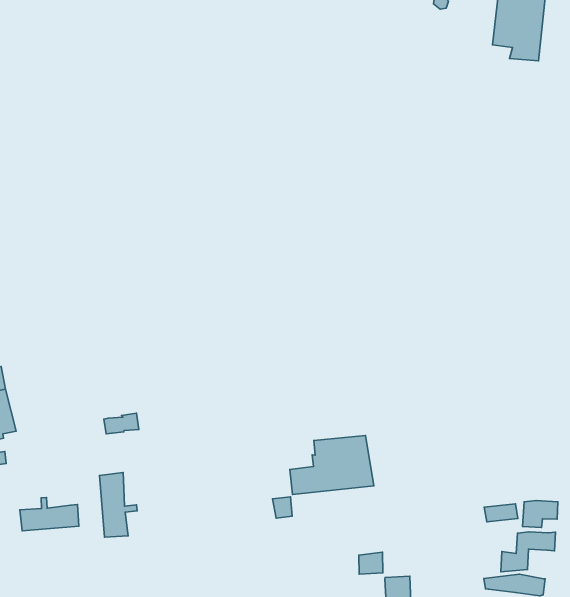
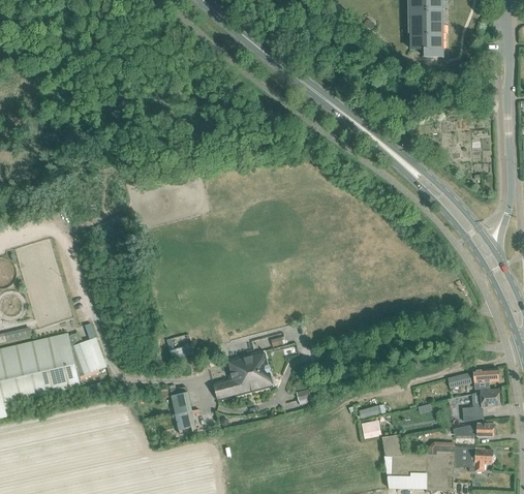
building: [290,435,374,495] -> [213,350,274,399]
building: [20,498,79,531] -> none

